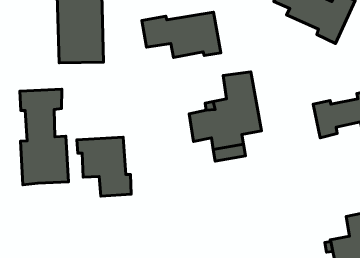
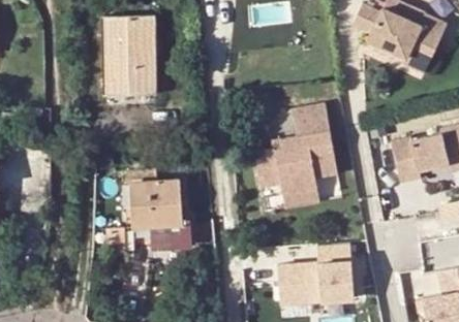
building: [142,12,221,57] -> none
building: [20,89,69,185] -> none
building: none -> [275,246,355,310]

